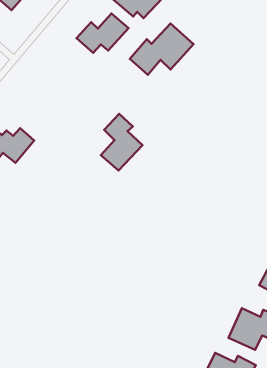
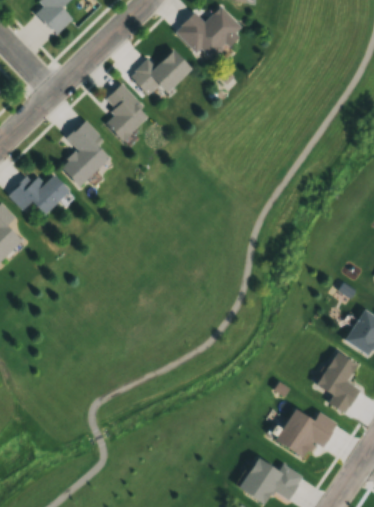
building: [130,23,194,75] -> none
building: none -> [105,84,151,141]
building: [101,114,142,171] -> [60,120,110,186]

